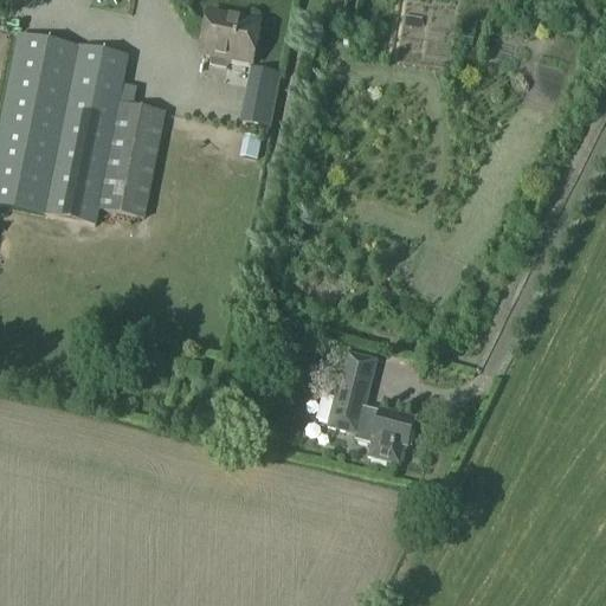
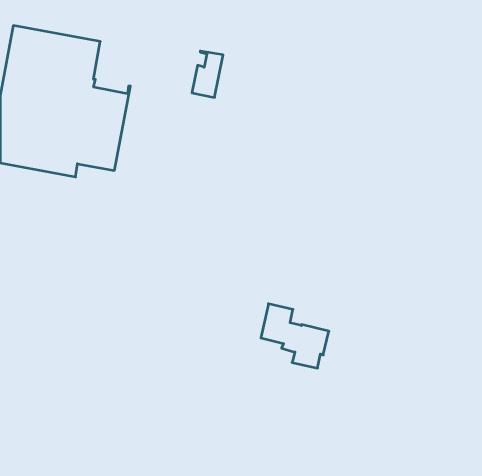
building: [200,7,259,65] -> none
building: [337,350,375,387] -> none

